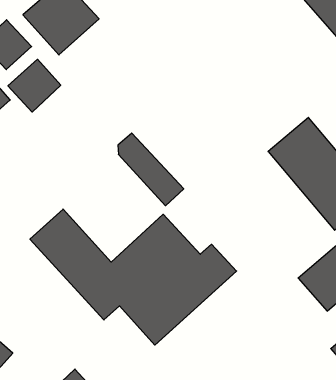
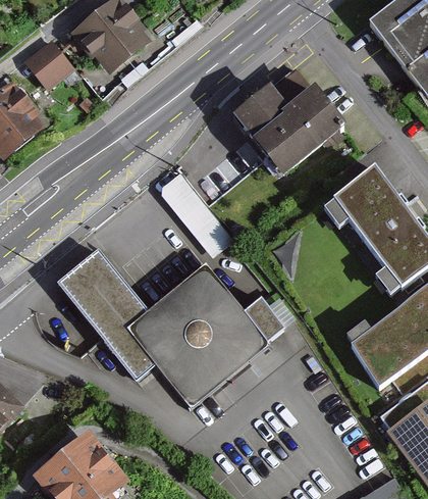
building: none -> [234,86,347,181]
building: [8,59,61,112] -> none

